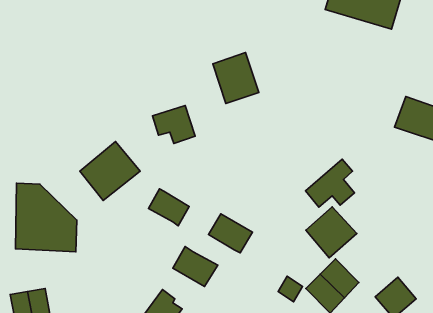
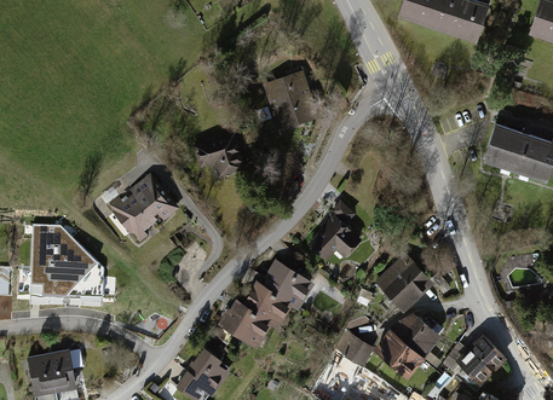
building: [306,159,355,207] -> [301,203,359,260]
building: [148,189,189,226] -> [242,283,290,326]

